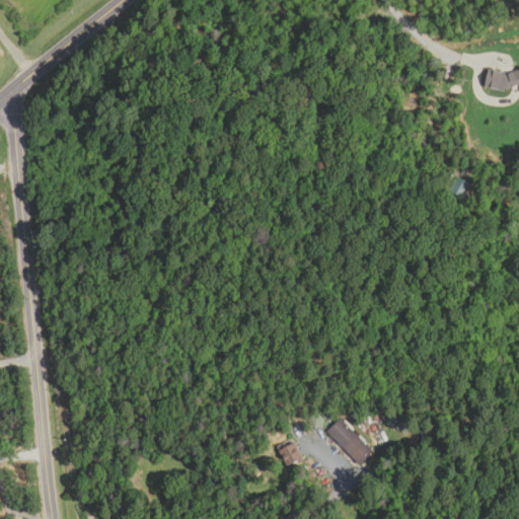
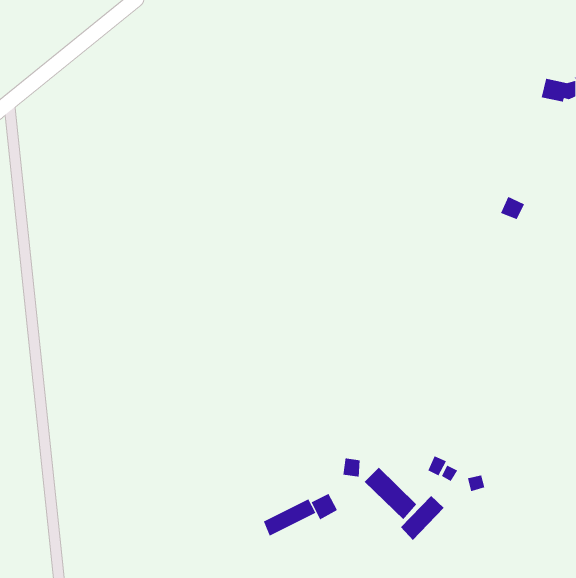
building: none -> [400,495,445,541]
building: none -> [263,499,316,537]

